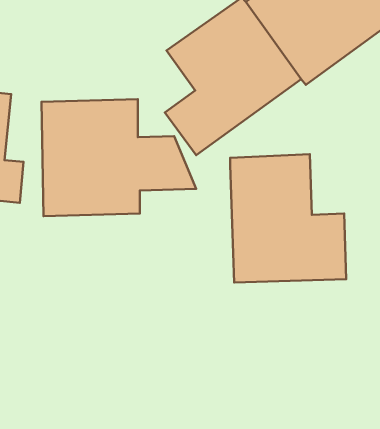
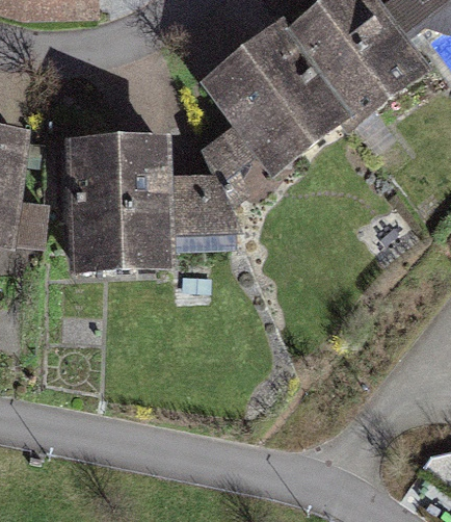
building: [230,154,346,283] -> none

